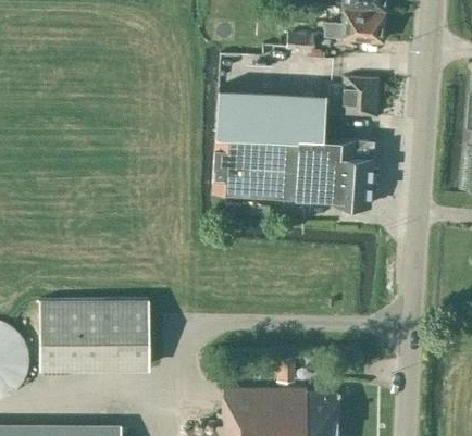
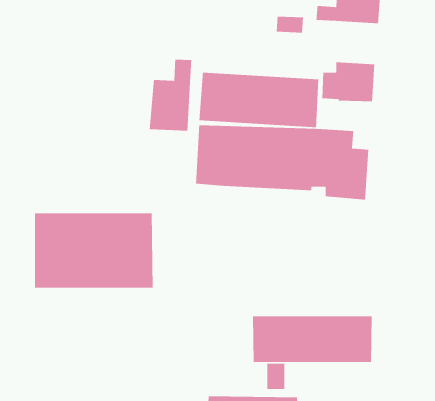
building: none -> [149,59,192,131]
building: [40,300,151,371] -> [34,213,154,289]
building: none -> [252,316,373,363]

